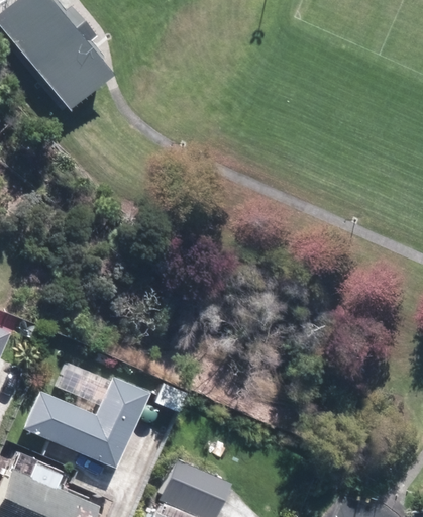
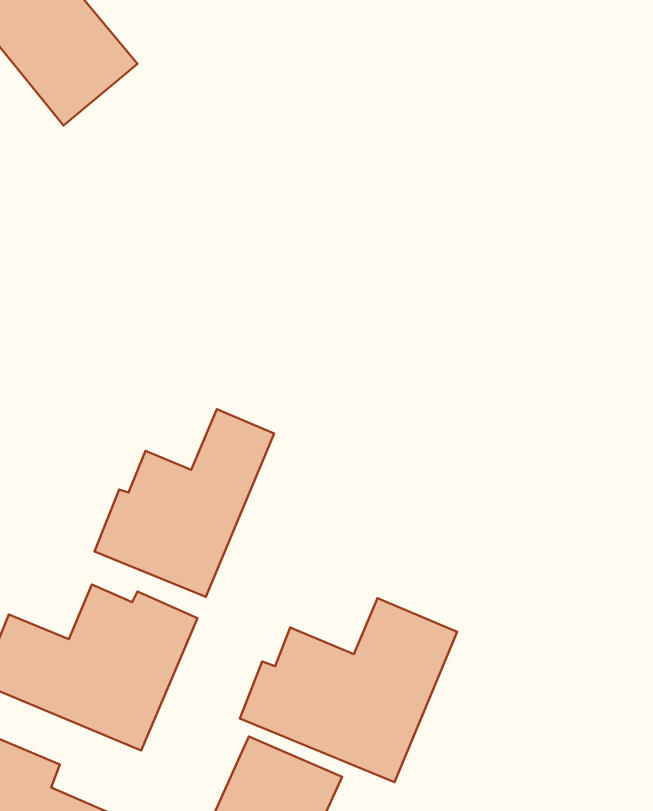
building: none -> [94,409,274,597]
building: none -> [240,598,457,782]

